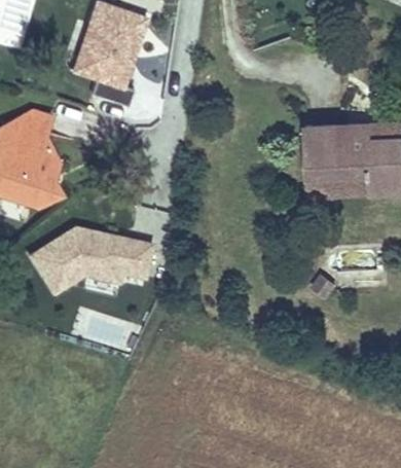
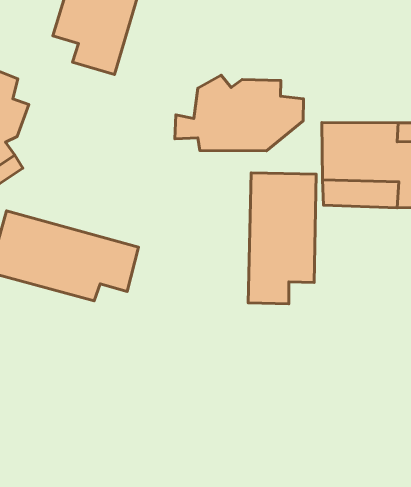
building: none -> [175,75,303,151]
building: none -> [248,173,316,304]

